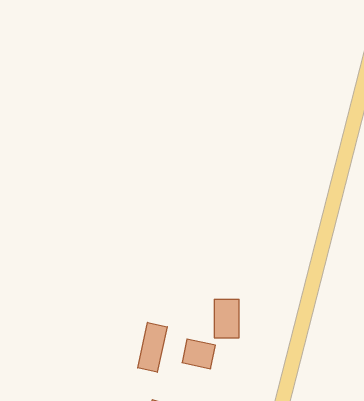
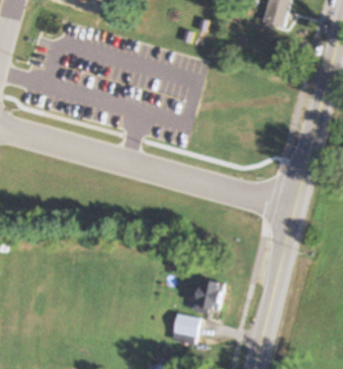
building: [138,322,167,372] -> none

